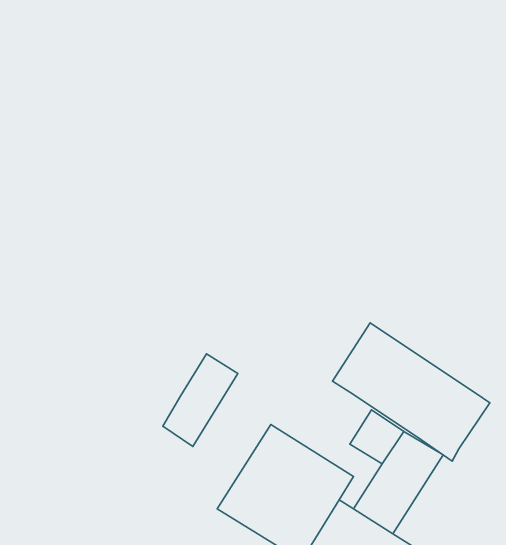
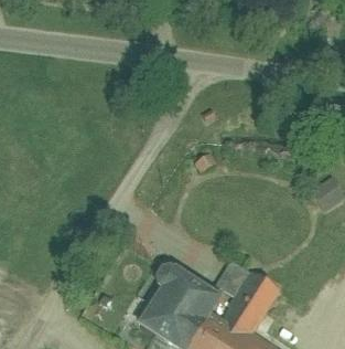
building: [332,323,490,461] -> none
building: [163,354,238,446] -> none

